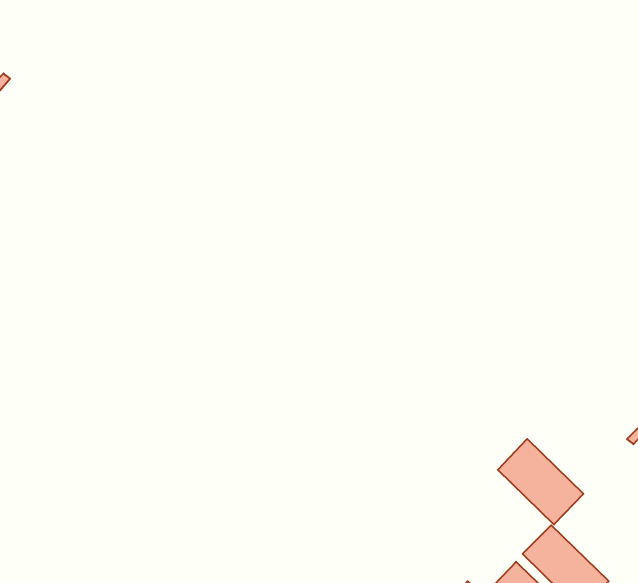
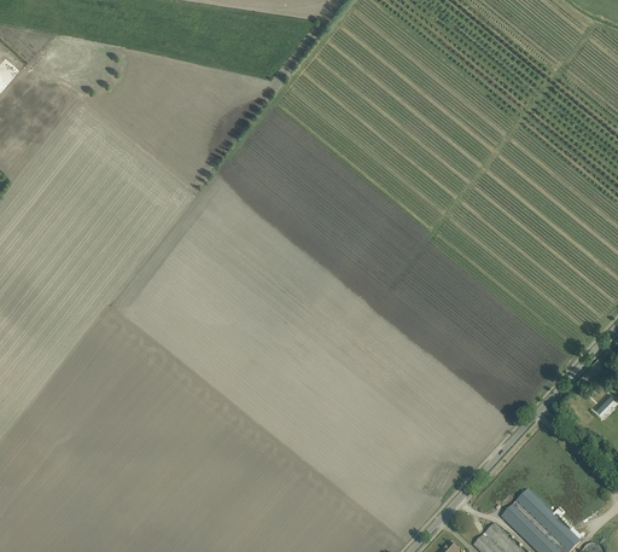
building: [498,439,583,525] -> none

